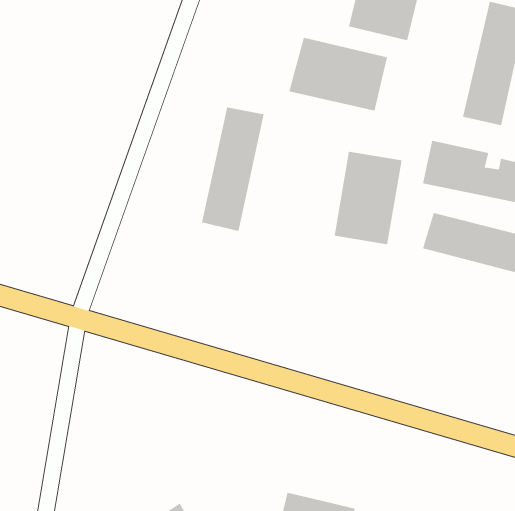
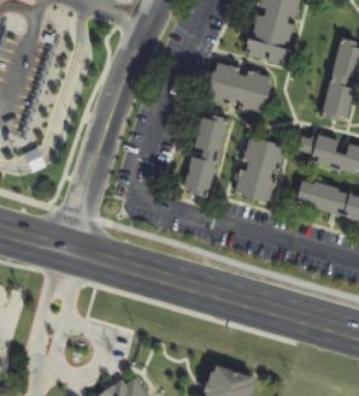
building: [201,107,264,232] -> [184,113,226,196]

